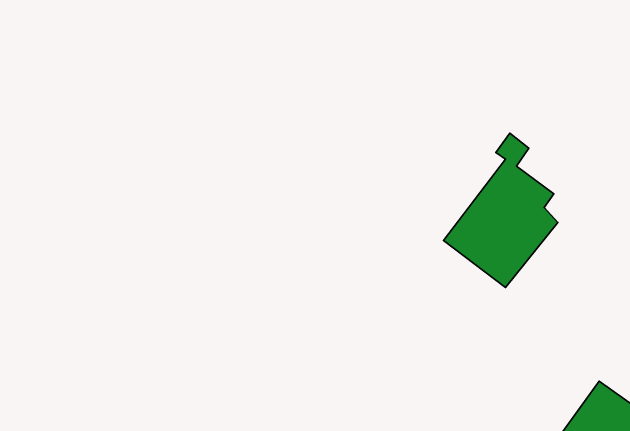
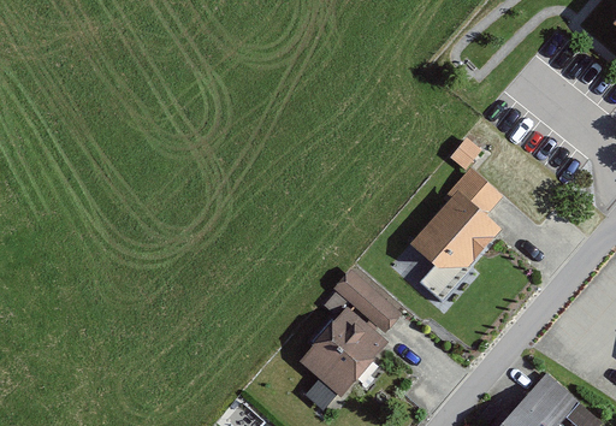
building: none -> [333,274,399,336]
building: none -> [303,313,386,397]

